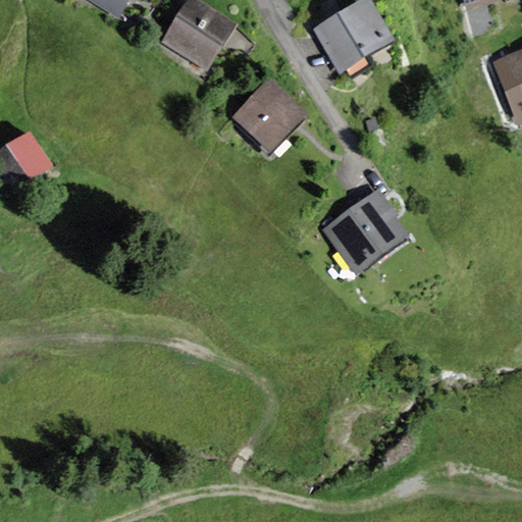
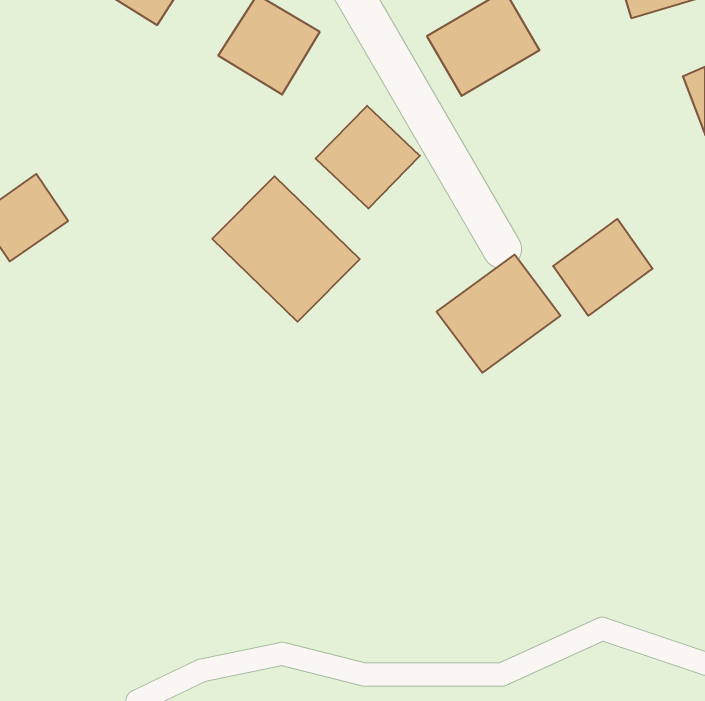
building: none -> [212,176,360,322]
building: none -> [553,219,653,316]

